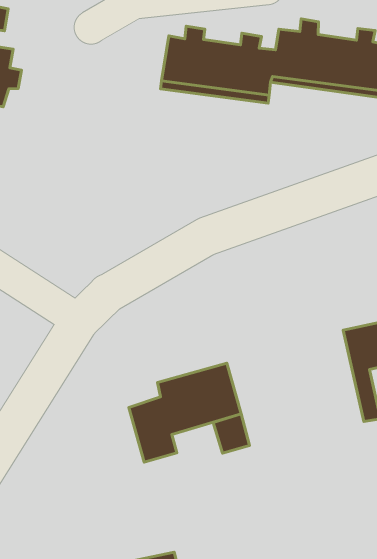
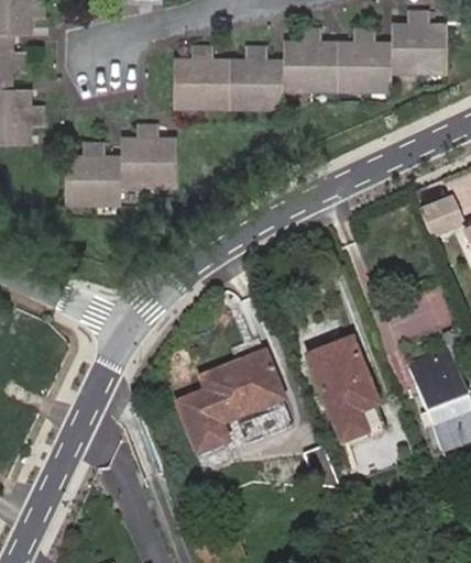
building: none -> [69,119,177,197]
building: none -> [308,343,377,446]

